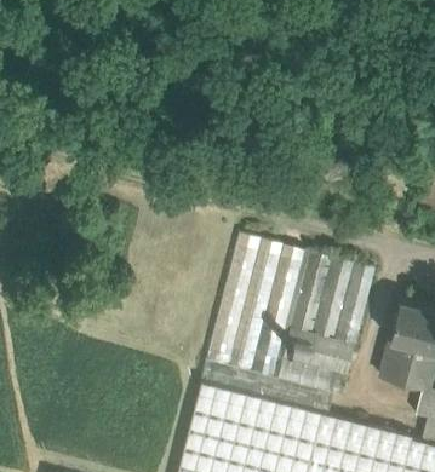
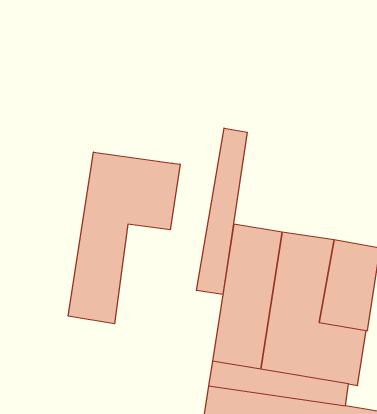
building: none -> [197,128,247,295]
building: none -> [68,152,180,324]

